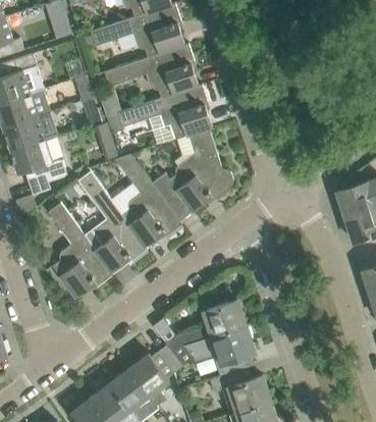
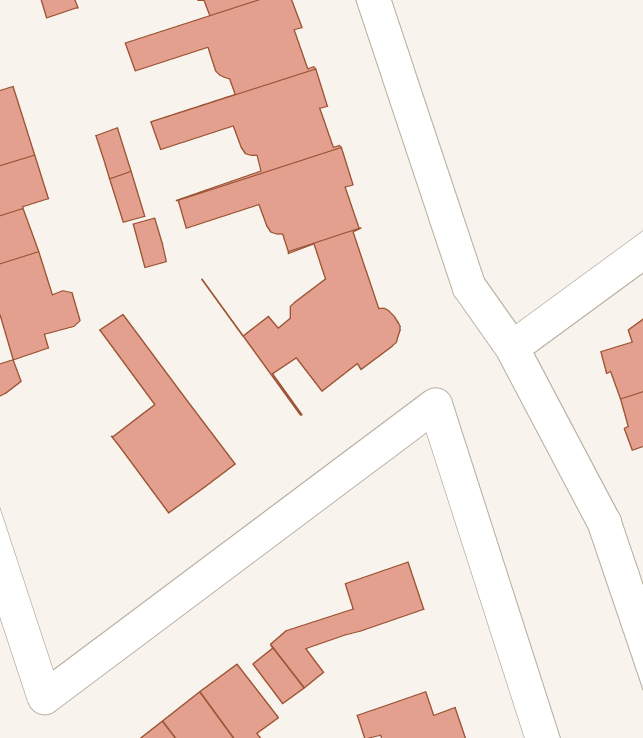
building: [115,154,181,250] -> none
building: [48,203,113,298] -> none
building: [184,325,255,377] -> none

